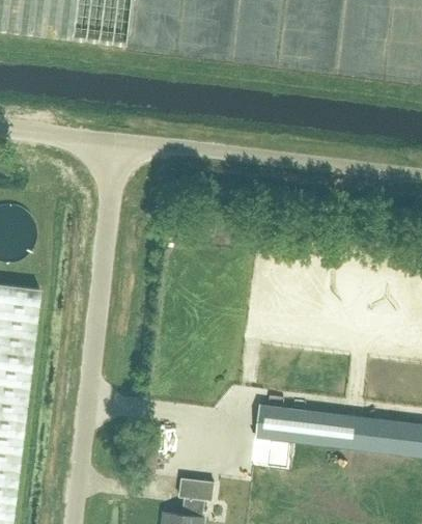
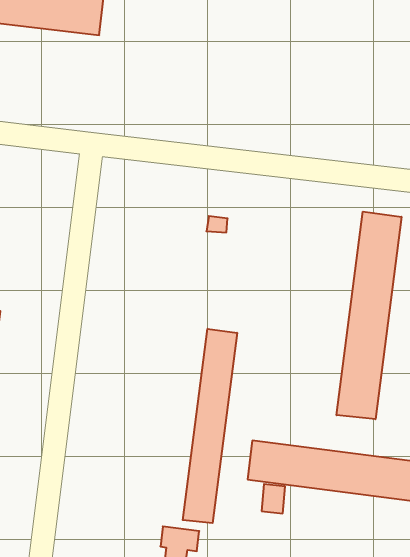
building: none -> [337,212,401,419]
building: none -> [183,329,237,523]

